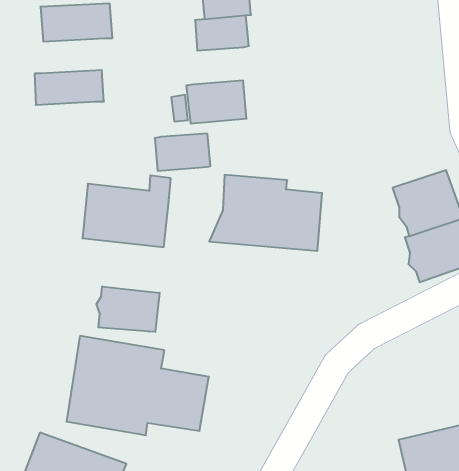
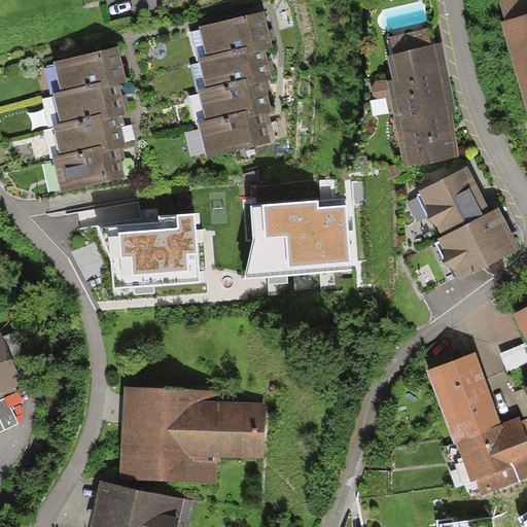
building: none -> [388,34,457,168]
building: none -> [50,84,120,128]
building: none -> [49,148,119,188]
building: [155,134,210,171] -> [202,75,260,118]
building: [97,286,160,332] -> none
building: none -> [427,355,501,445]

